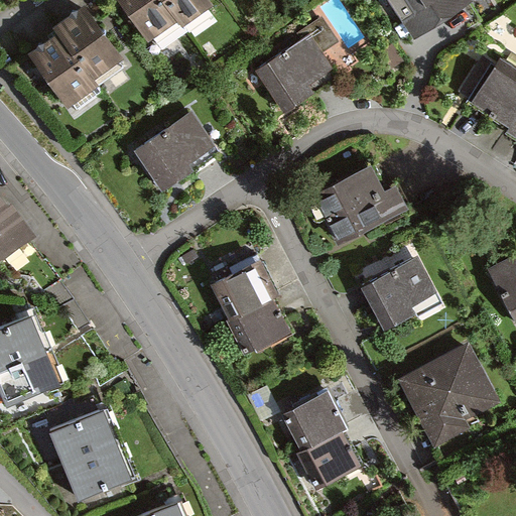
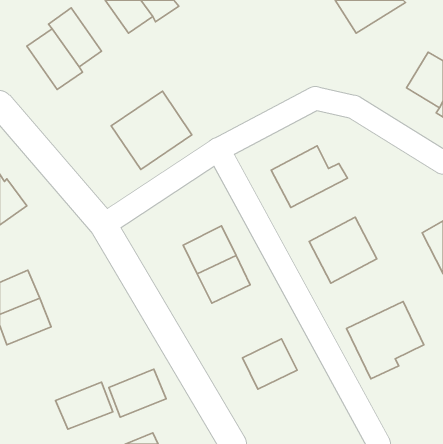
building: [259,38,329,109] -> none
building: [51,409,118,465] -> [109,369,166,417]
building: [299,429,363,488] -> none

